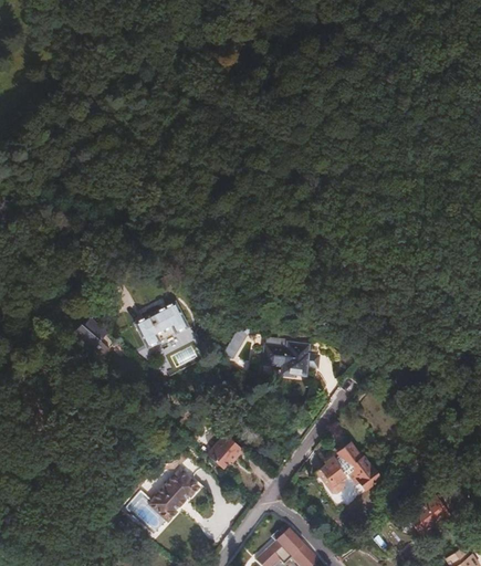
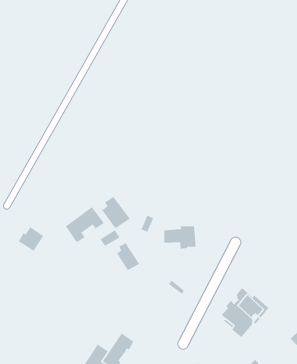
building: none -> [99,196,131,229]
building: none -> [114,242,140,271]
building: [207,433,242,467] -> none

